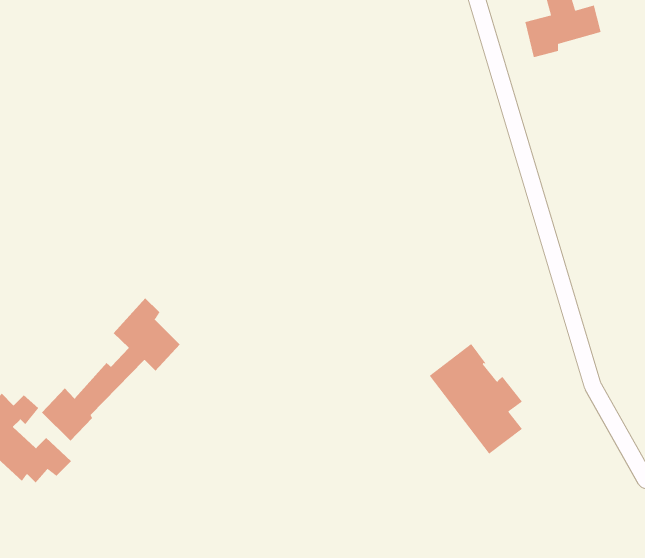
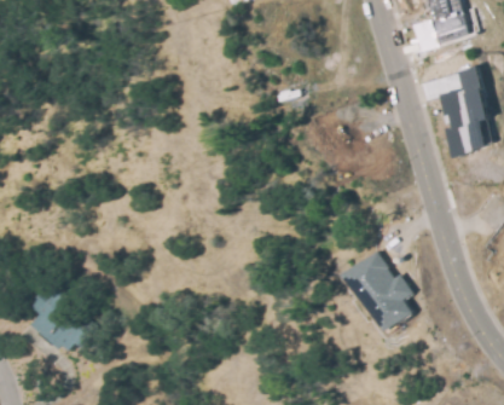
building: none -> [439,65,489,158]
building: [41,297,180,441] -> none

